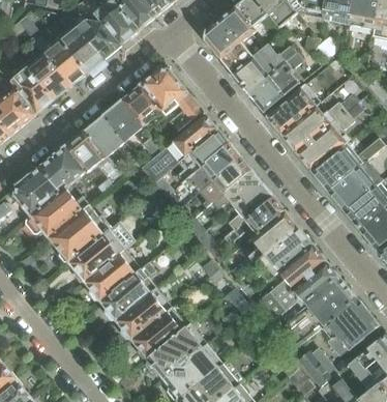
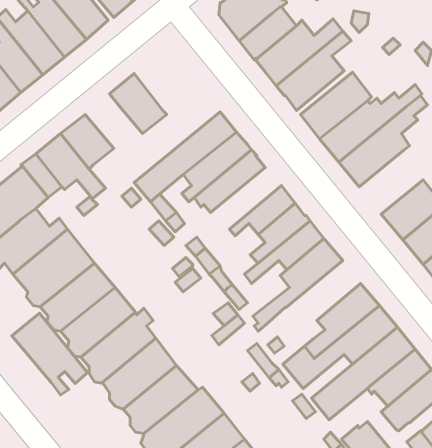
building: [141,68,203,132] -> none
building: [103,100,160,155] -> none
building: [311,143,362,192] -> none
building: [199,156,252,208] -> none
building: [255,227,312,278] -> none
building: none -> [12,313,87,395]

